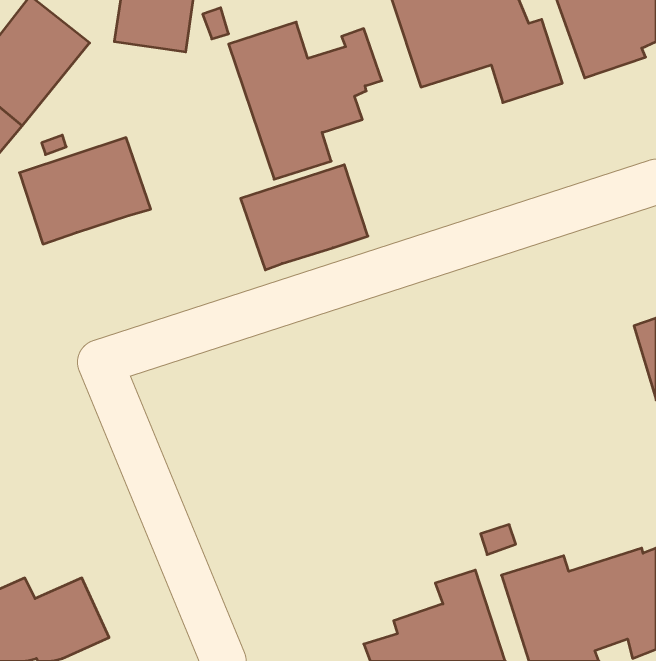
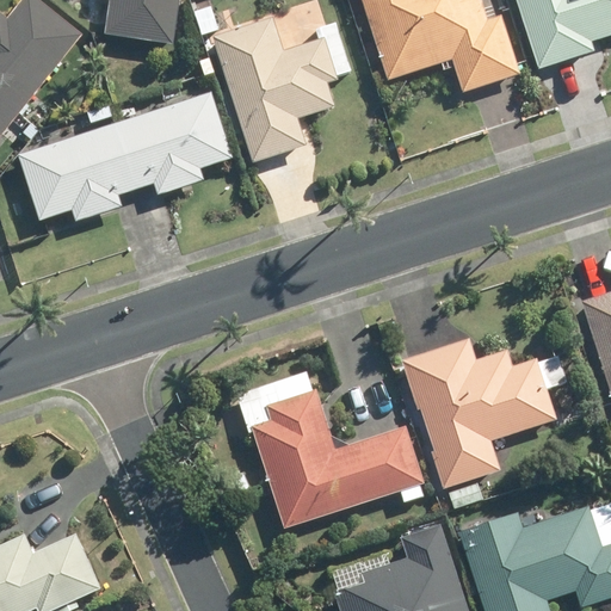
building: [241,165,368,270] -> [116,95,233,192]
building: none -> [405,338,569,487]
building: none -> [239,385,422,525]

